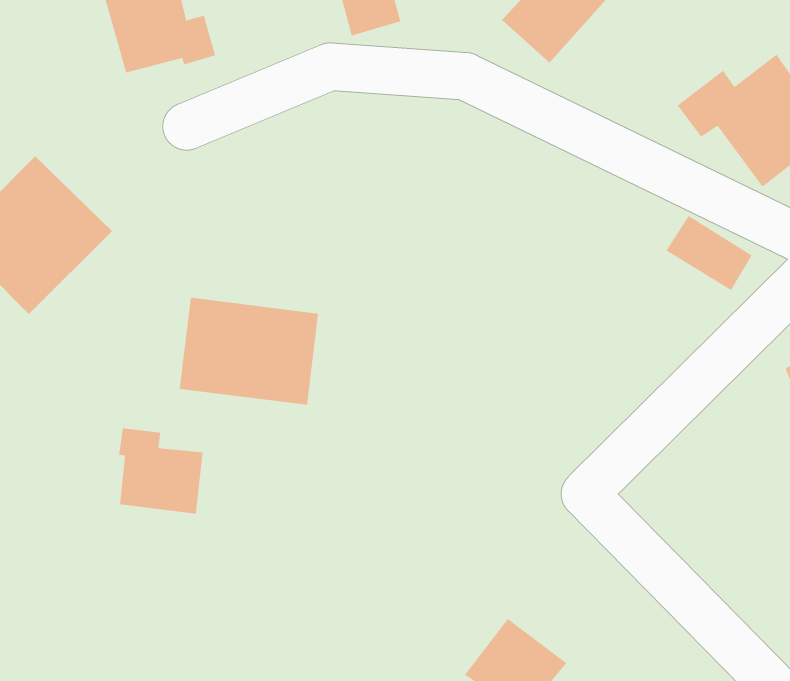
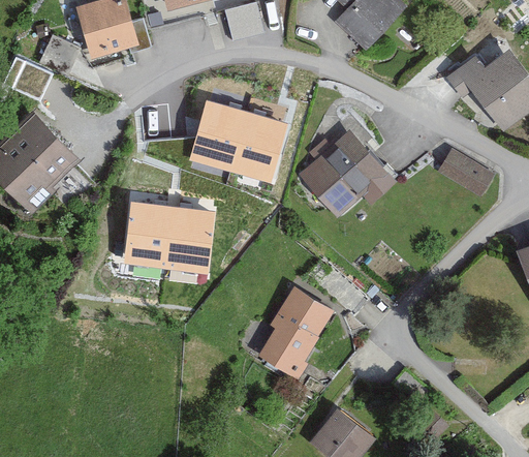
building: none -> [191,101,286,181]
building: none -> [298,129,394,220]
building: [118,428,203,514] -> none
building: none -> [257,286,330,375]

